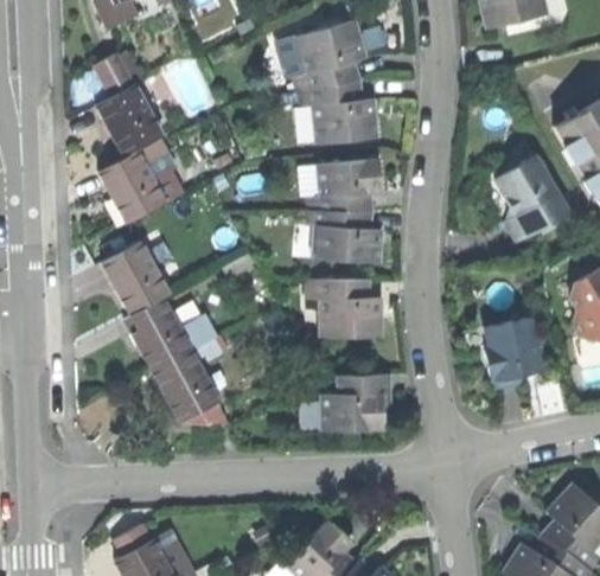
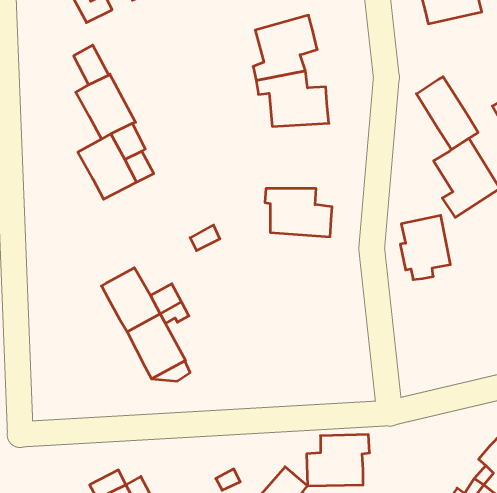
building: none -> [416,77,478,149]
building: [307,159,382,211] -> none
building: [103,242,170,315] -> none
building: [307,280,383,339] -> none
building: [484,318,540,389] -> [400,215,450,280]
building: [321,375,391,431] -> [307,435,370,486]

